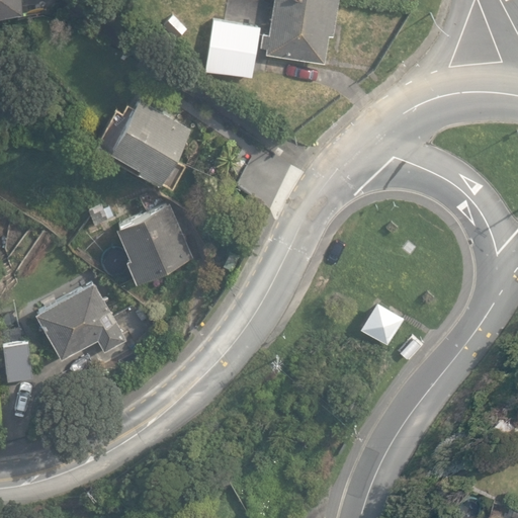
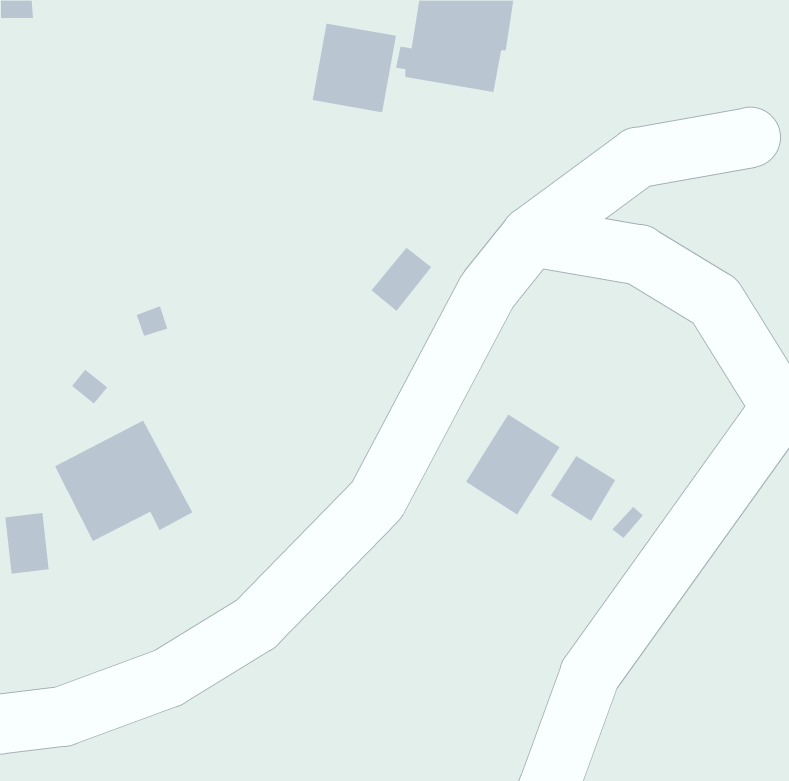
building: [109,99,190,183] -> none
building: [115,203,192,282] -> none
building: none -> [465,414,560,516]

